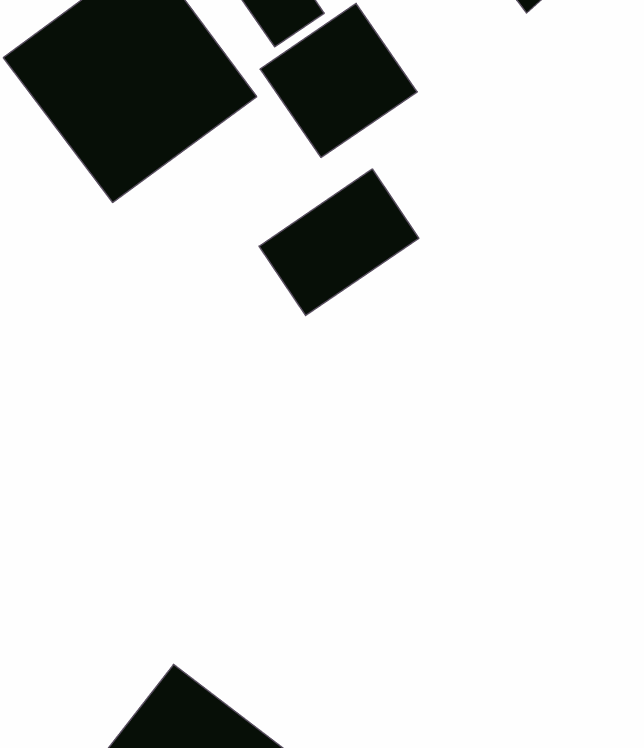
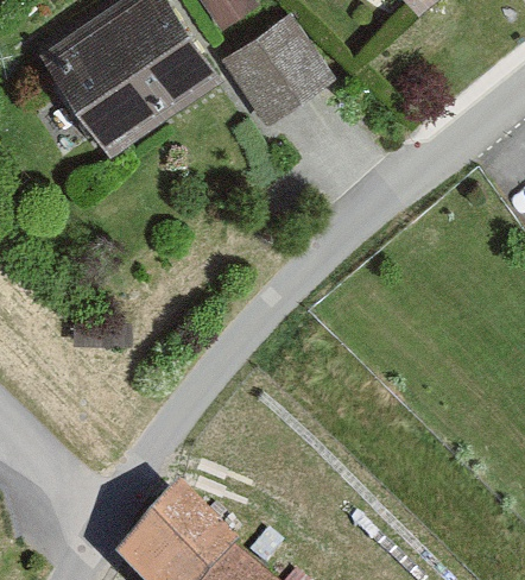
building: [259,169,419,316] -> none

